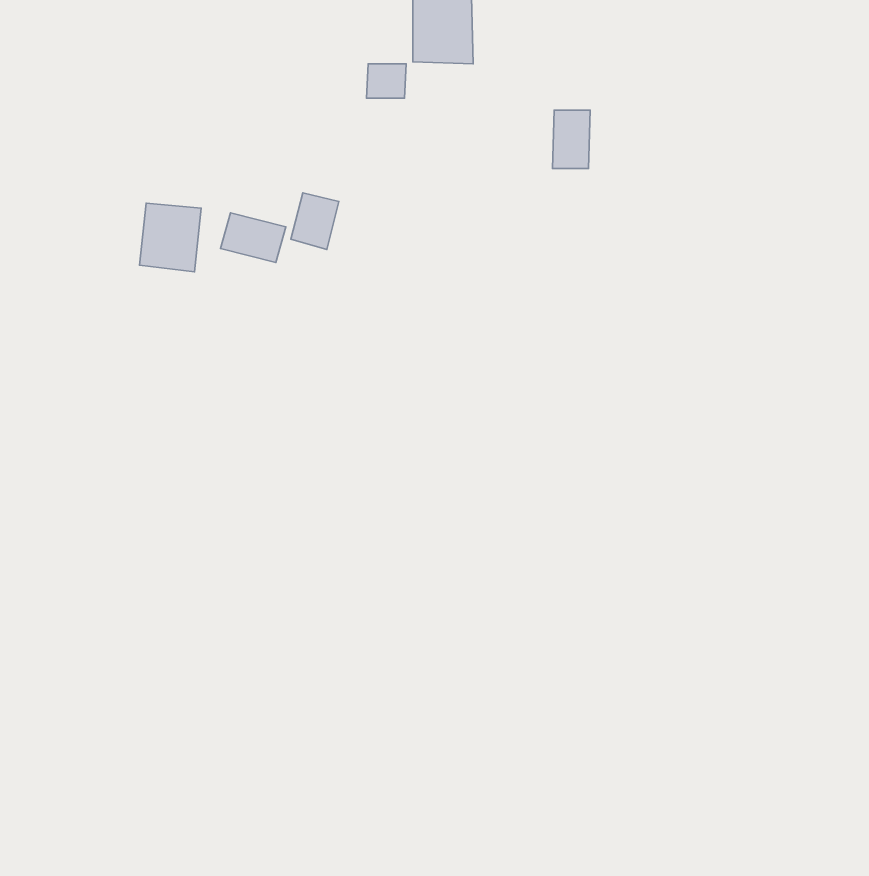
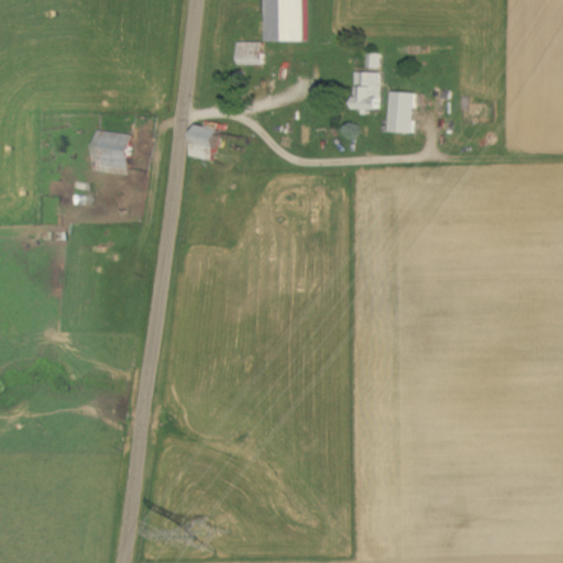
building: none -> [387,91,412,131]
building: [220,213,286,262] -> none

